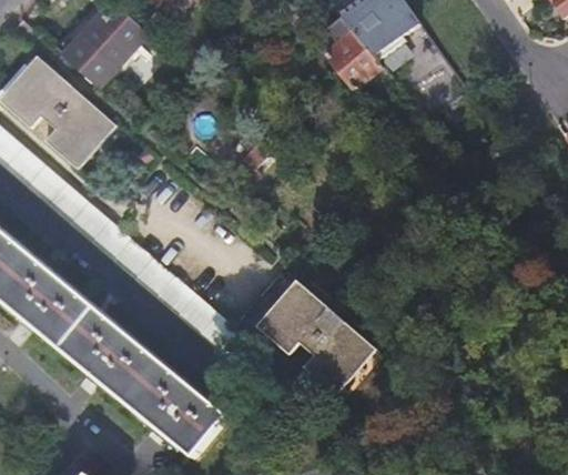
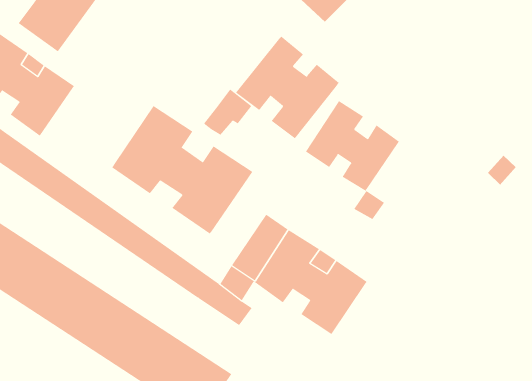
building: none -> [235,36,340,139]
building: none -> [112,105,253,235]
building: none -> [305,100,400,220]

